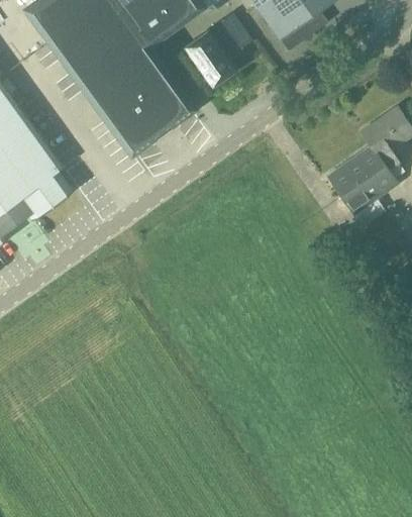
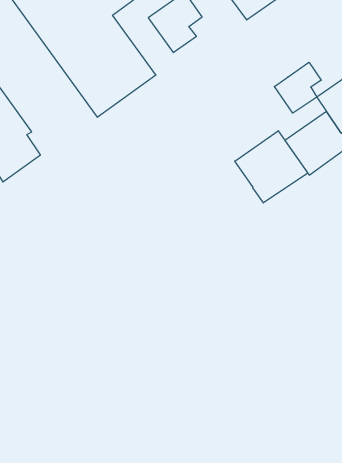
building: none -> [274,62,321,113]
building: none -> [235,131,308,203]

